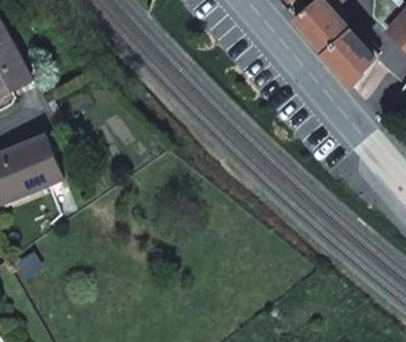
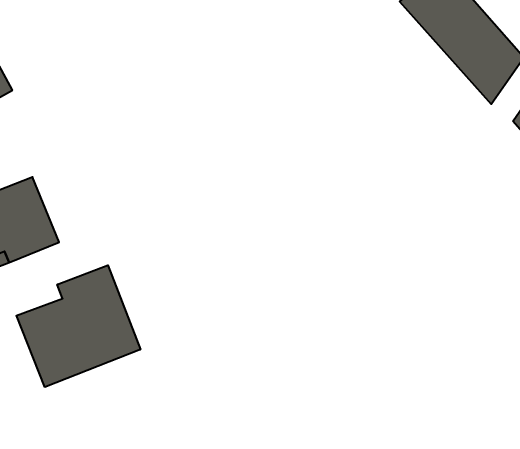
building: none -> [16,265,140,387]

